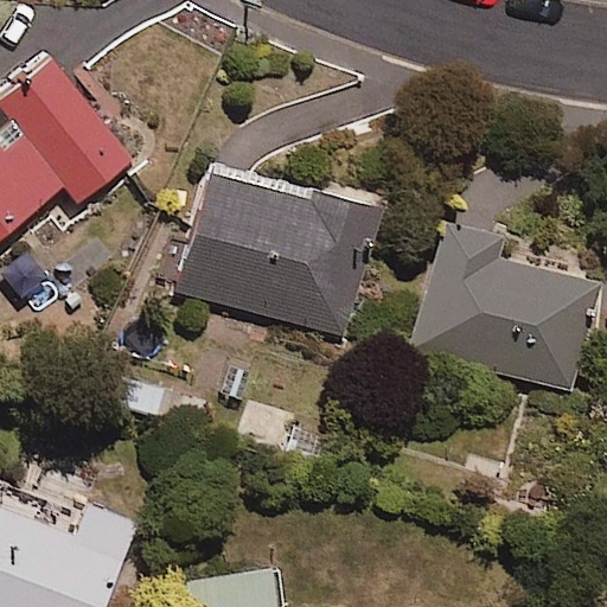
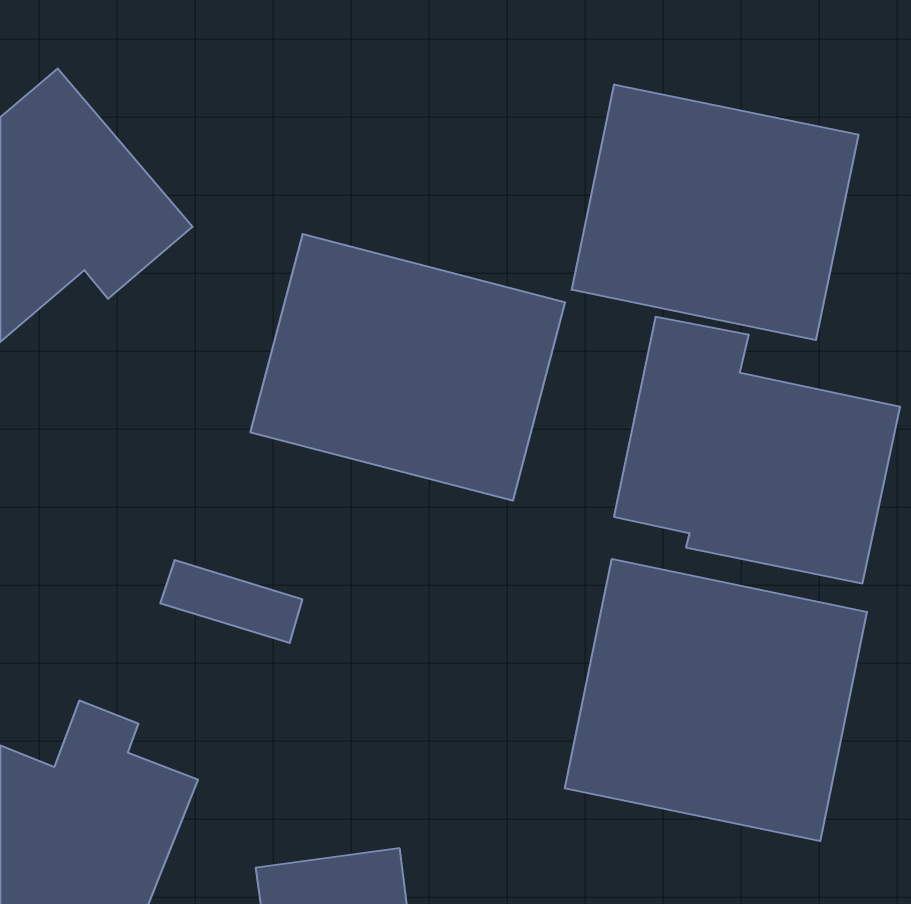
building: none -> [572,84,859,340]
building: none -> [565,559,867,841]

